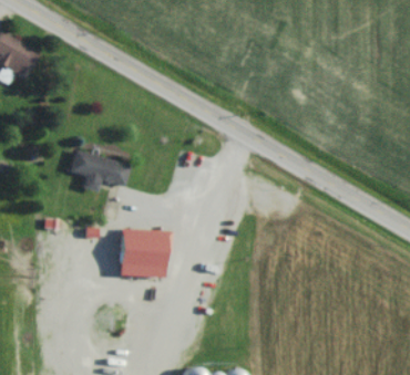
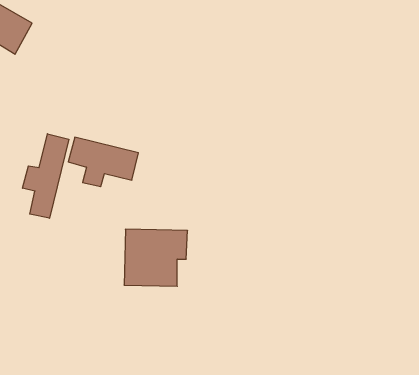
building: none -> [23,134,69,218]

